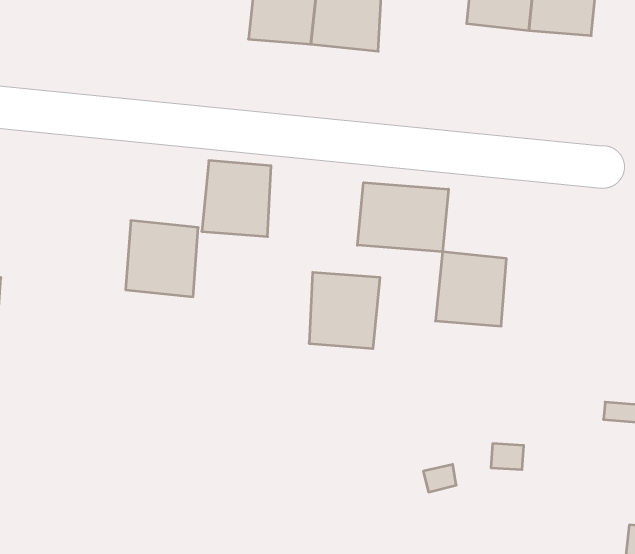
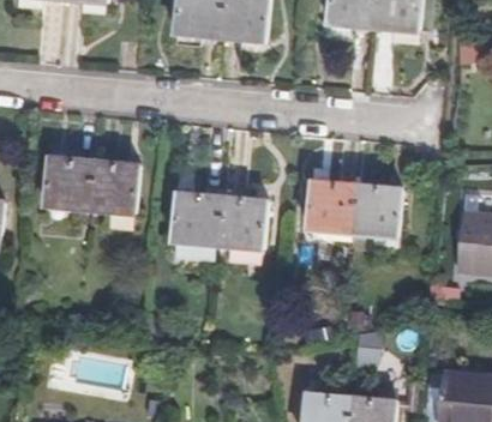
building: [202,161,271,237] -> [173,192,221,245]
building: [357,183,448,252] -> none
building: none -> [48,156,95,207]
building: none -> [352,186,402,237]

